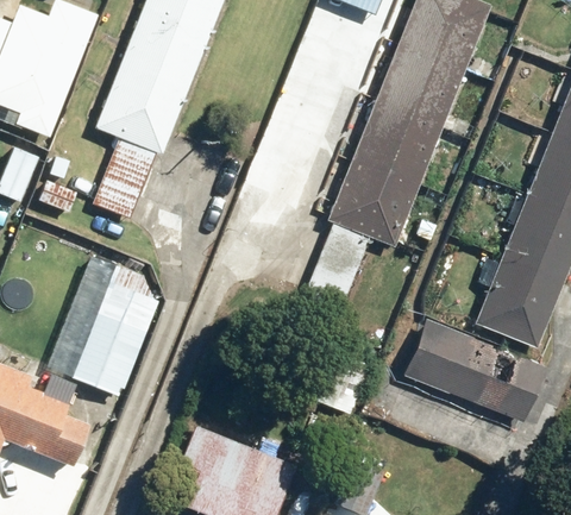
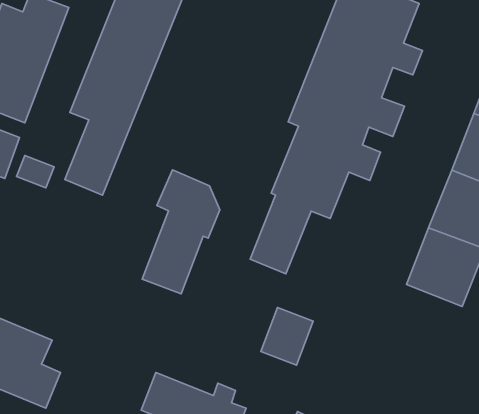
building: [70,258,158,398] -> [142,170,220,294]
building: [400,315,548,423] -> none

